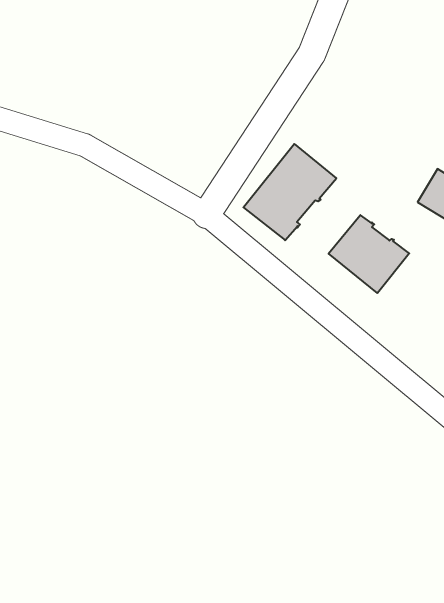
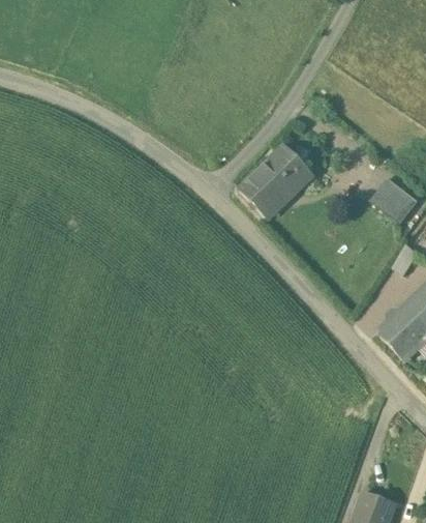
building: [329,215,409,293] -> none

